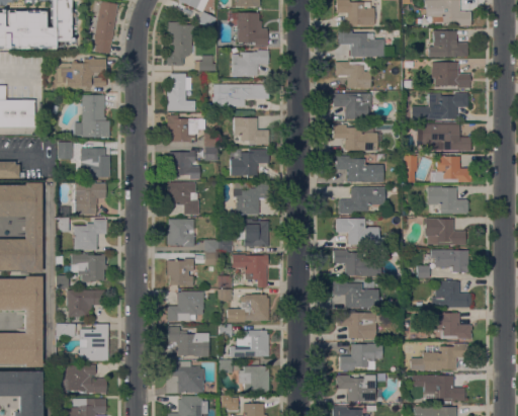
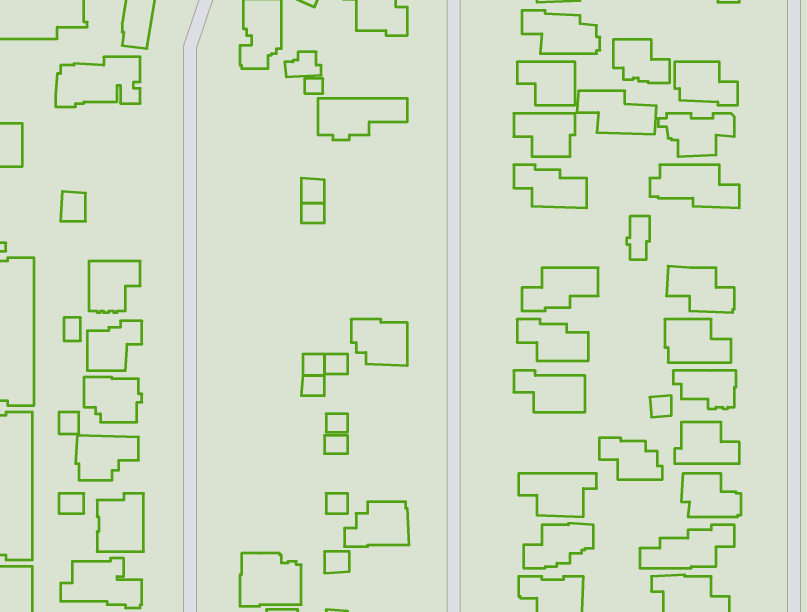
building: [433,30,467,57] -> [613,40,670,83]
building: [232,50,268,76] -> none
building: [166,74,195,111] -> none
building: [78,95,109,138] -> none
building: [166,115,204,143] -> none
building: [233,118,268,145] -> none
building: [80,148,109,178] -> none
building: [230,150,268,175] -> none
building: [167,151,199,179] -> none
building: [335,156,383,182] -> [577,91,656,134]
building: [430,156,470,183] -> none
building: [233,181,269,215] -> none
building: [167,183,198,215] -> none
building: [166,219,193,247] -> none
building: [232,254,268,287] -> none
building: [166,258,193,286] -> none
building: [333,281,371,307] -> [599,438,662,479]
building: [167,292,203,322] -> none
building: [227,295,268,322] -> none
building: [168,327,208,355] -> none
building: [238,366,269,392] -> none

